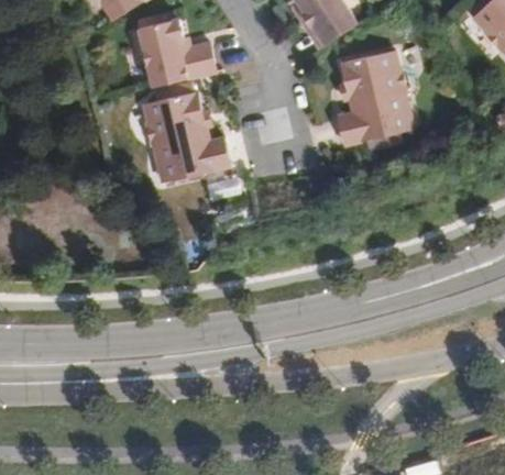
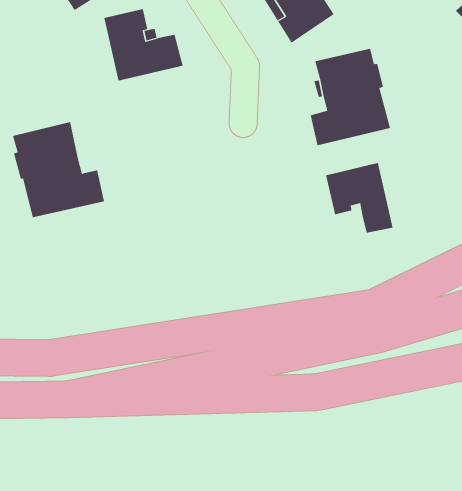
building: [141,90,228,180] -> [12,122,105,218]
building: none -> [326,162,393,233]

